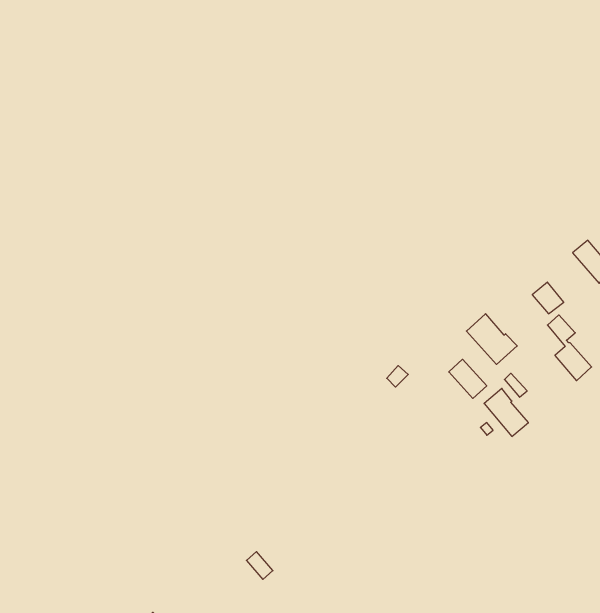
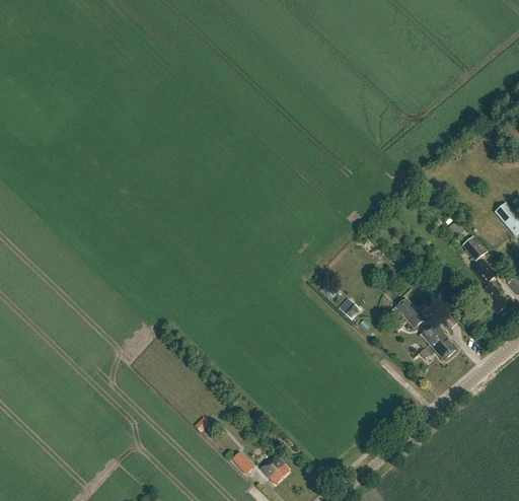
building: [466,314,517,364] -> none
building: none -> [262,453,290,482]

